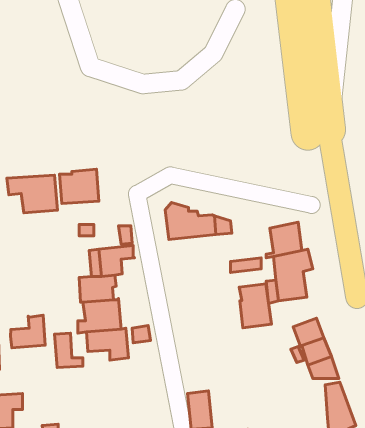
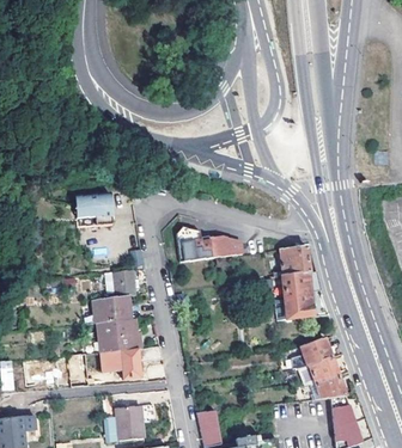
building: [7,175,58,213] -> none
building: [239,284,271,328] -> none
building: [11,315,45,348] -> none
building: none -> [106,400,157,438]

